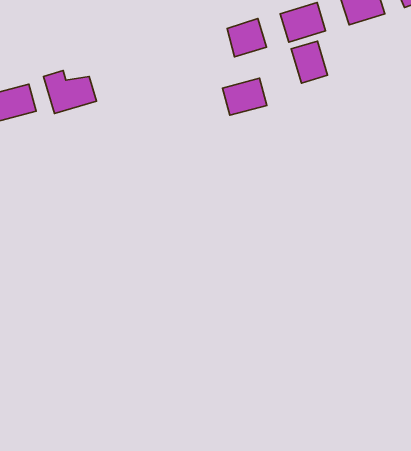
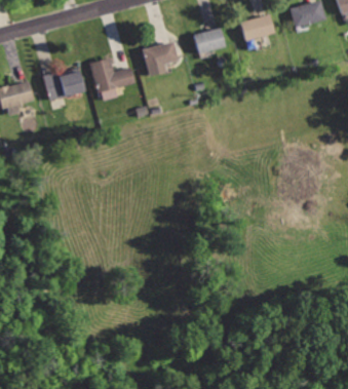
building: [291,41,328,83] -> none
building: none -> [86,55,138,95]
building: [223,78,267,115] -> [142,40,179,71]

